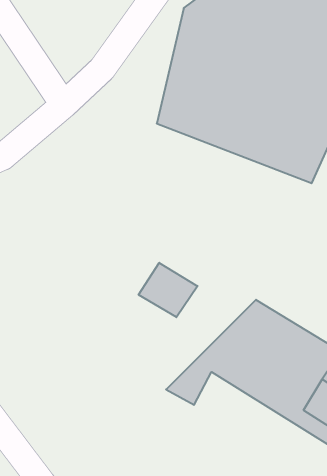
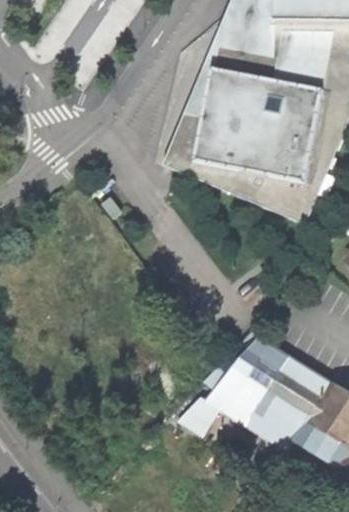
building: [139,263,198,317] -> none

